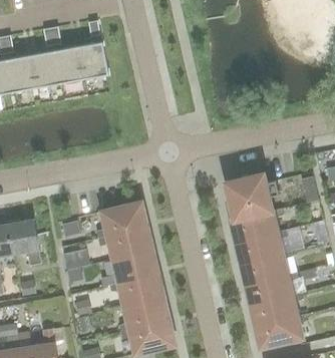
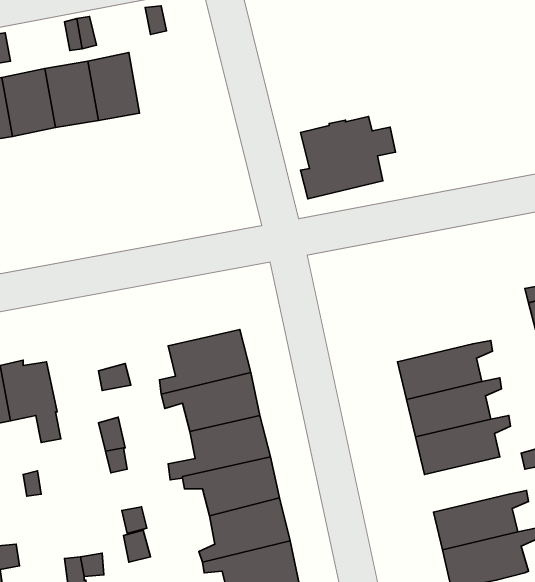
building: [79,42,109,80] -> none
building: [226,173,279,220] -> [301,116,396,199]
building: [245,271,298,304] -> none

